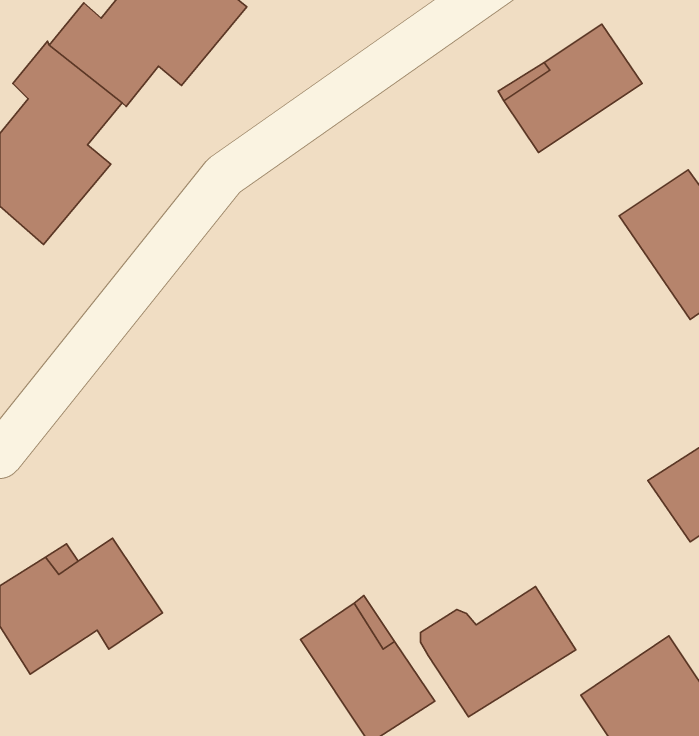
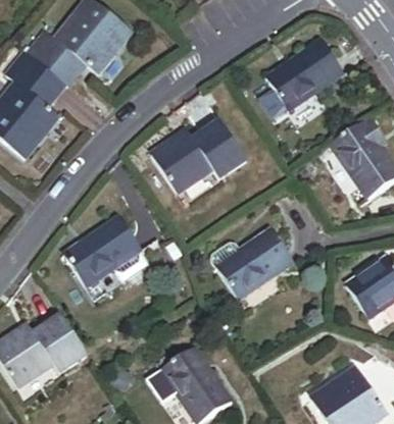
building: none -> [151,119,245,193]
building: none -> [63,216,147,286]
building: [420,587,576,717] -> [211,228,294,298]

